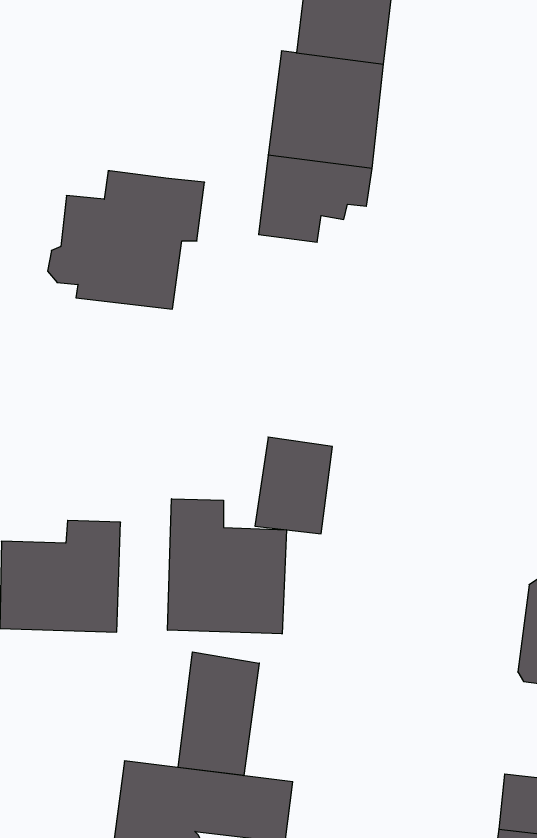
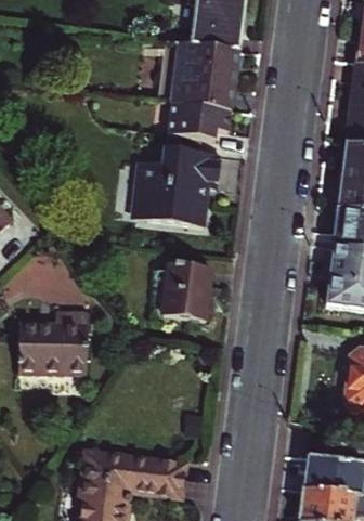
building: [48,171,205,309] -> [131,148,221,227]
building: [168,499,286,634] -> none
building: [178,652,259,776] -> none

